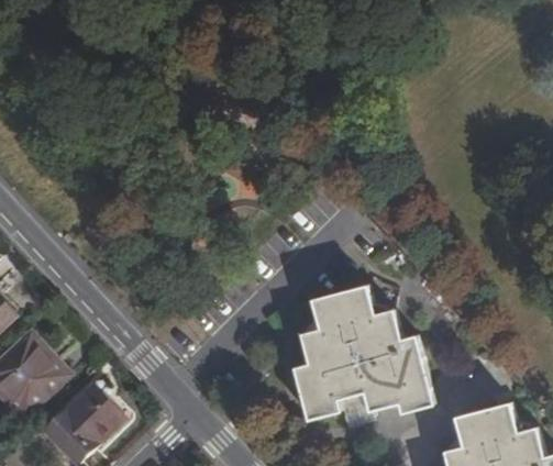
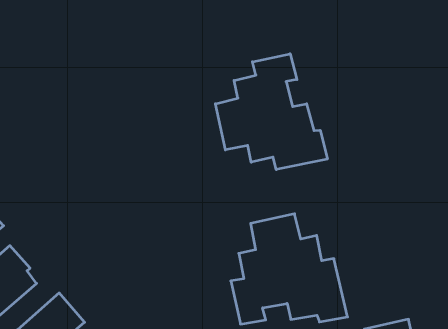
building: none -> [215,54,327,170]

